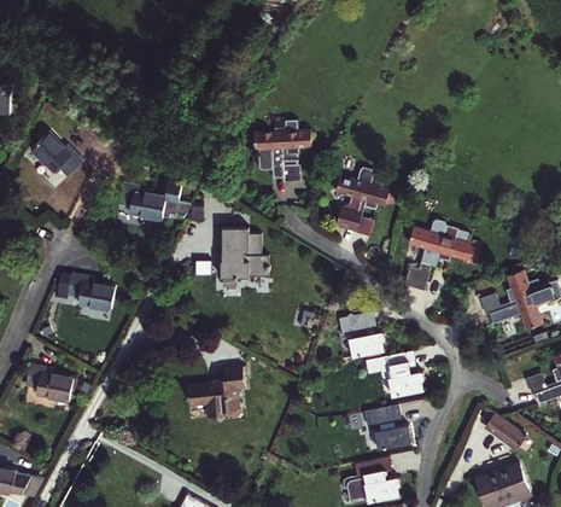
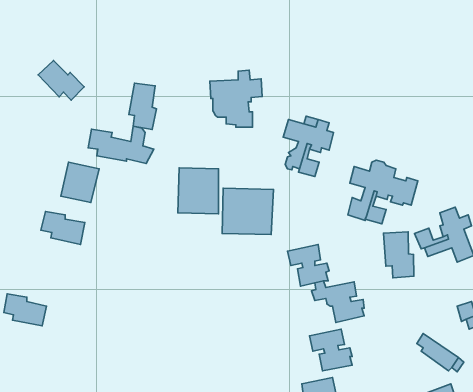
building: none -> [129,83,156,130]
building: [31,134,82,177] -> [38,61,84,100]
building: none -> [61,162,99,203]
building: none -> [222,188,274,235]
building: none -> [384,232,414,278]
building: [189,366,249,418] -> none

